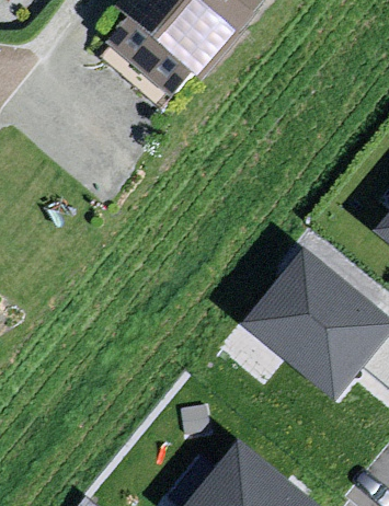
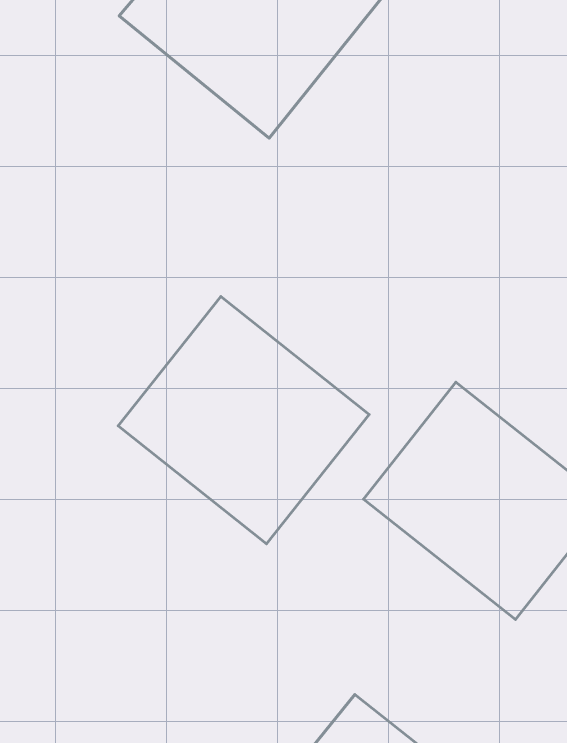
building: none -> [118,297,369,544]

